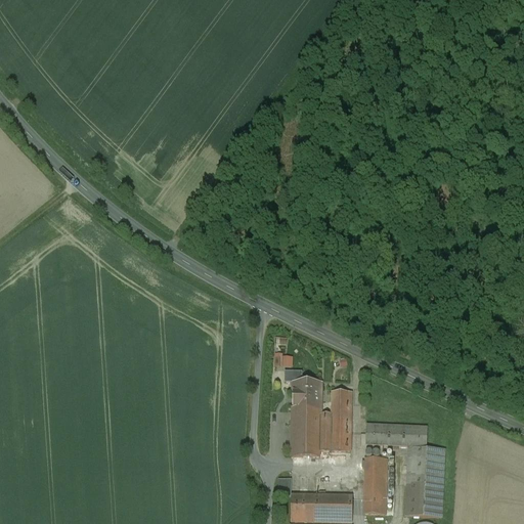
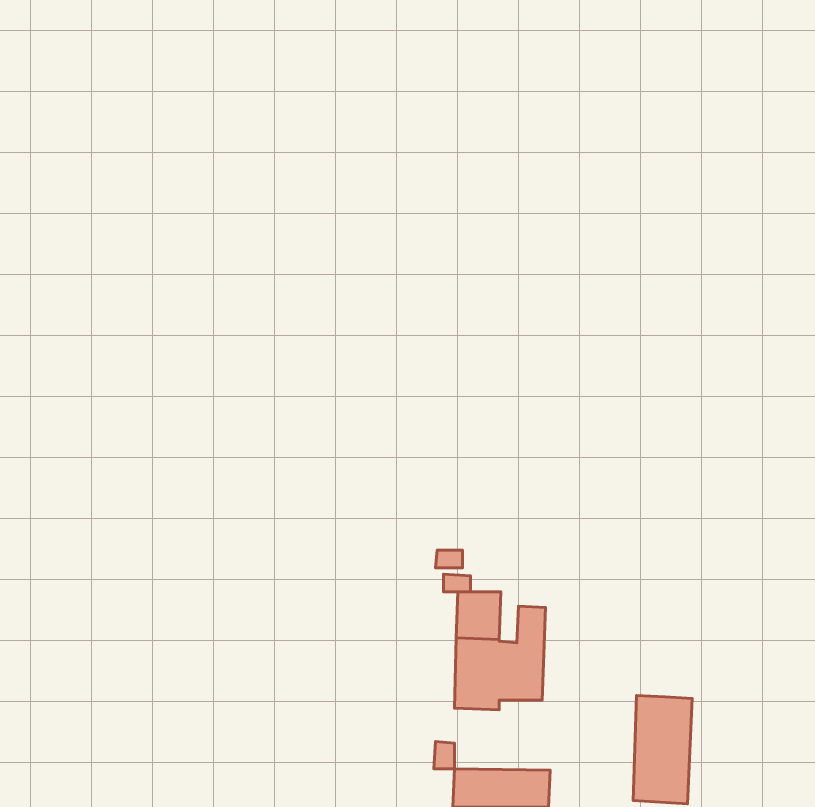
building: [365,423,427,447] -> none
building: [364,456,387,512] -> none

